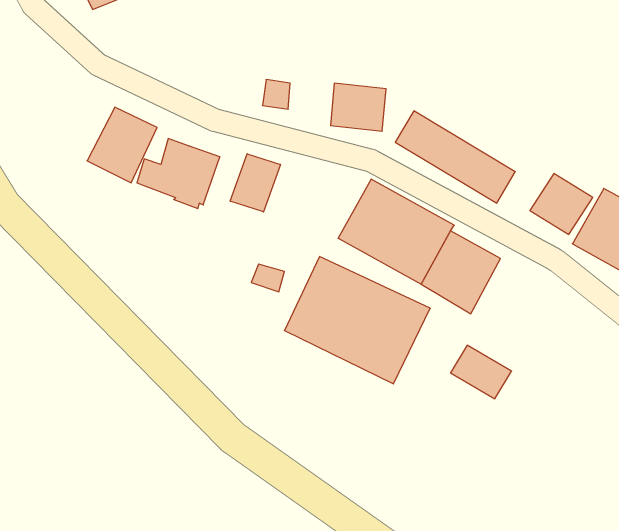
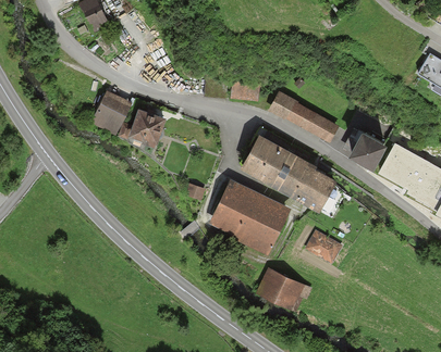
building: [230,154,280,212] -> none
building: none -> [254,269,303,313]

